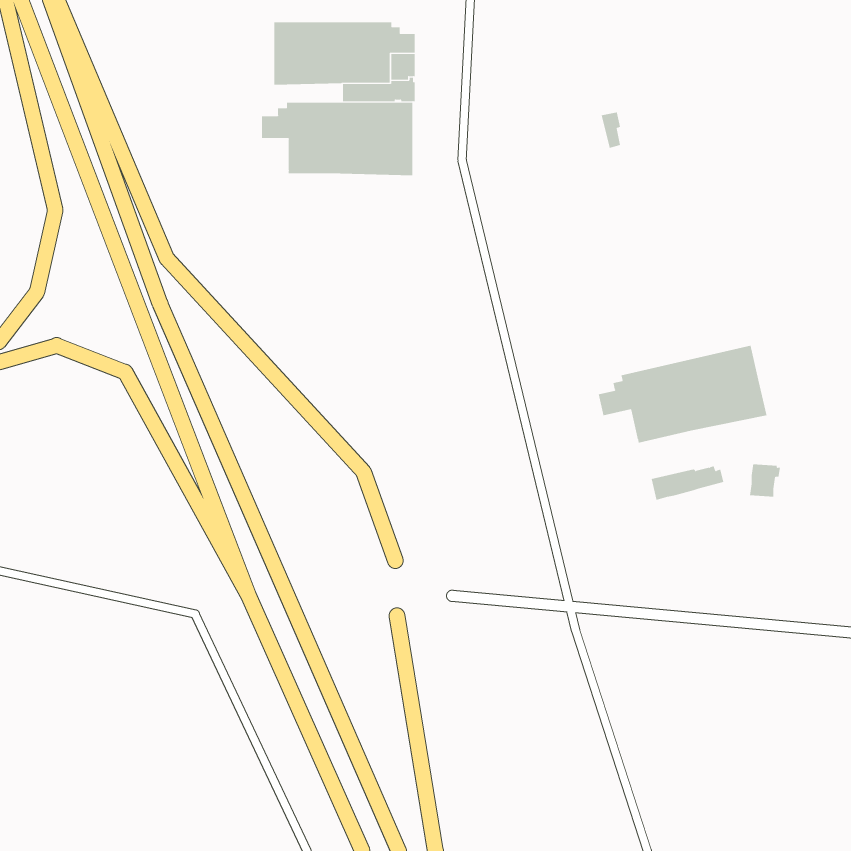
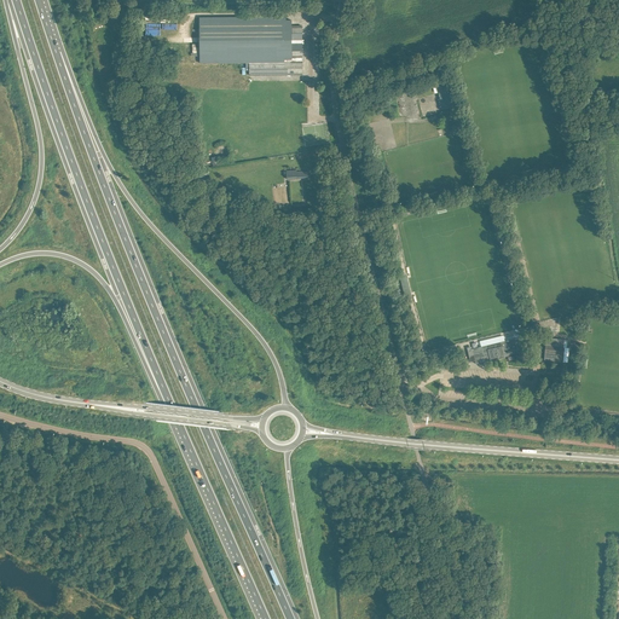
building: [262,102,413,176] -> none
building: [598,345,767,444] -> none

